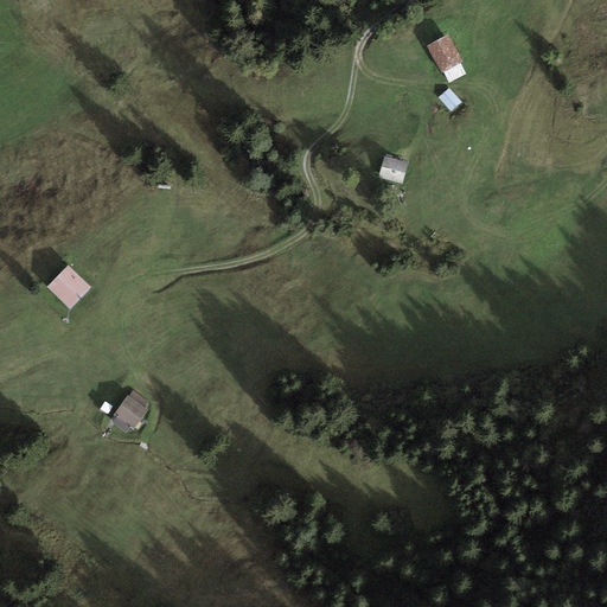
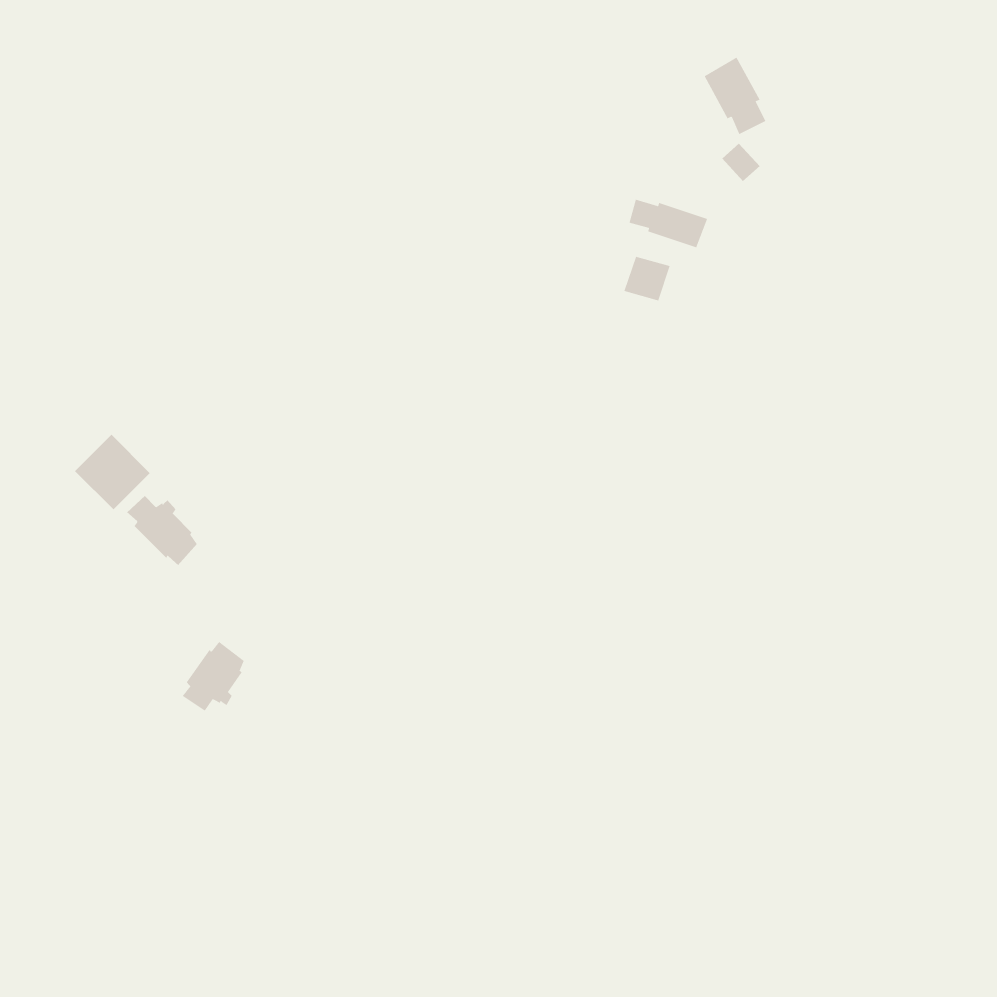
building: none -> [629,199,708,248]
building: none -> [126,495,197,566]

